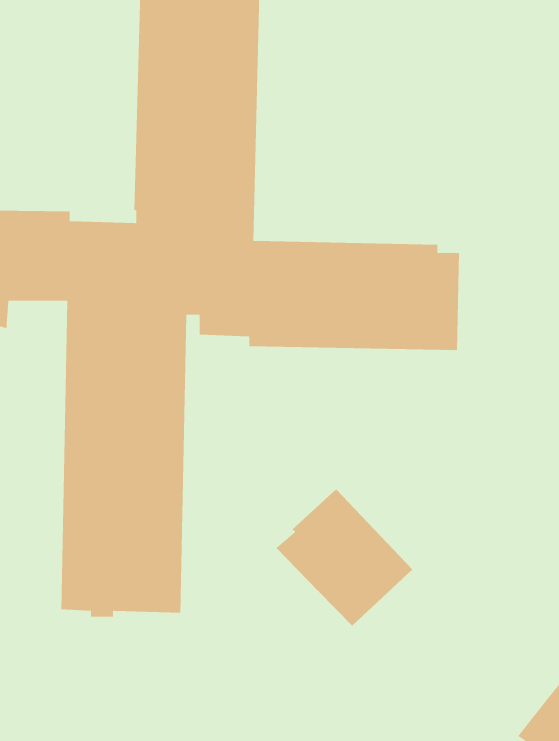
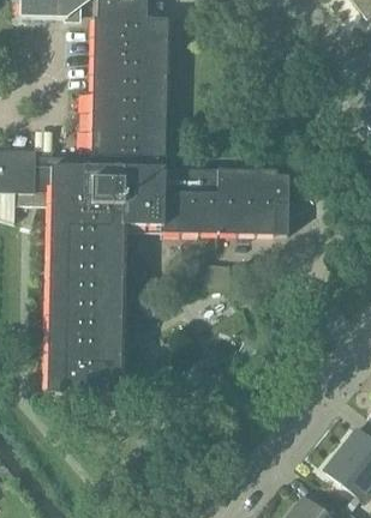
building: [275,489,413,626] -> none

